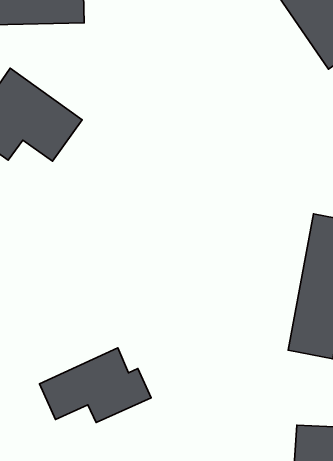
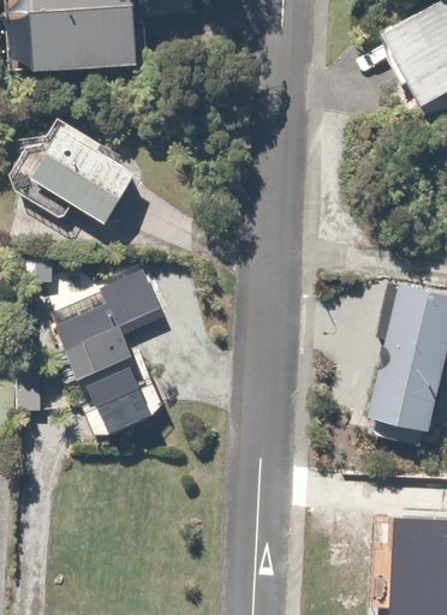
building: none -> [59,270,160,413]
building: [39,348,151,422] -> none

